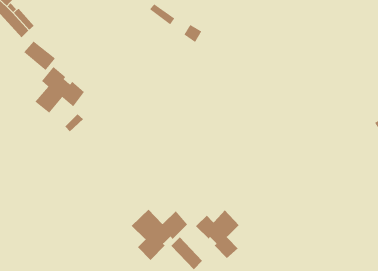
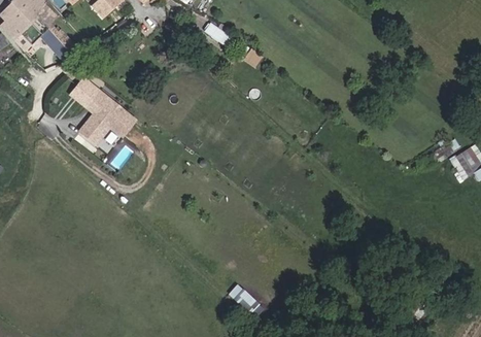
building: [131,209,188,261] -> none
building: [195,210,240,259] -> none

